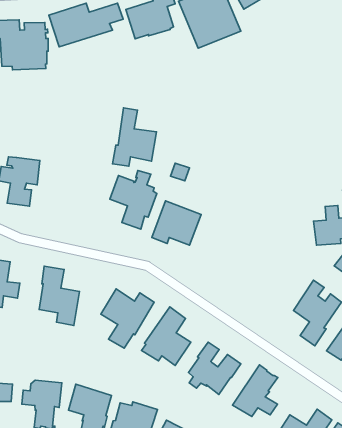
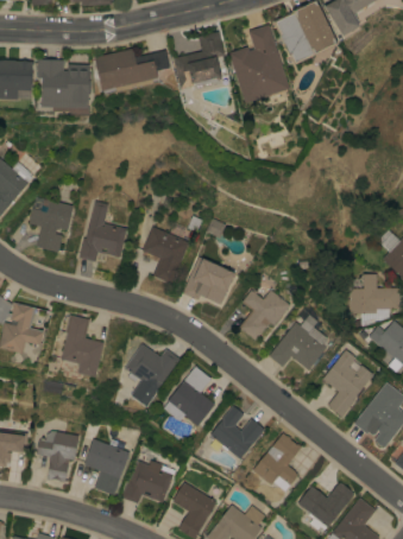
building: [113,108,156,166] -> [80,201,127,261]
building: none -> [240,290,290,340]
building: none -> [270,315,332,369]

